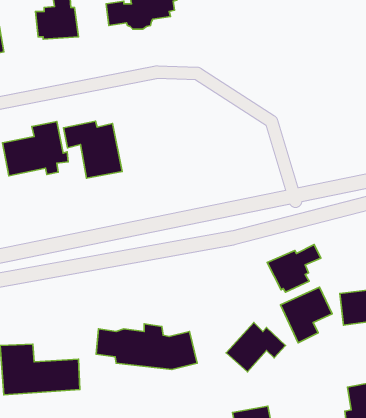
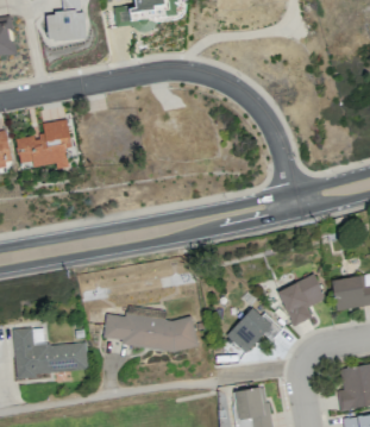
building: [64,121,122,178] -> none
building: [267,245,321,292] -> none

